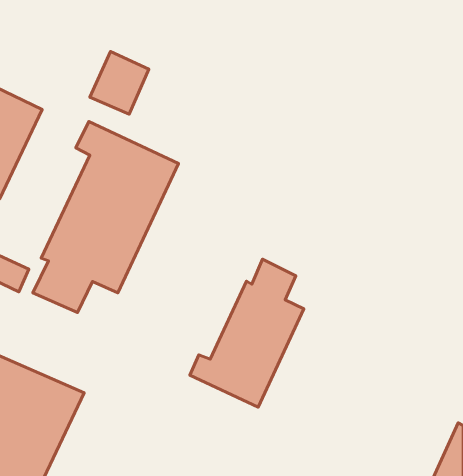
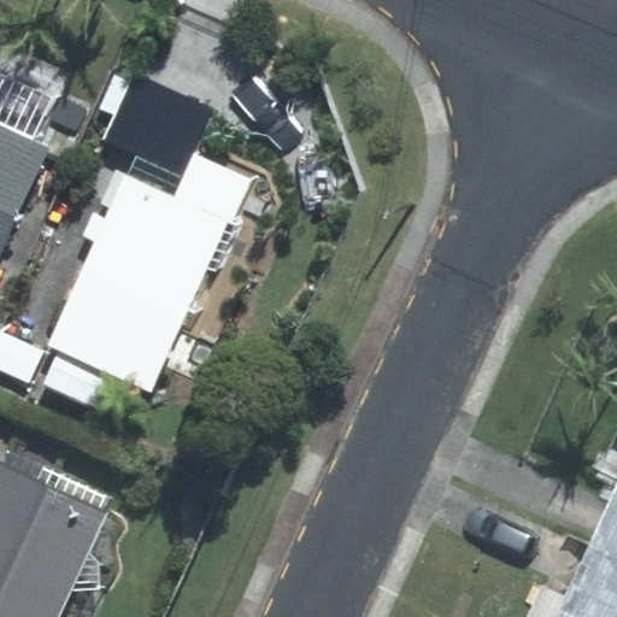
building: [190,259,304,407] -> none

